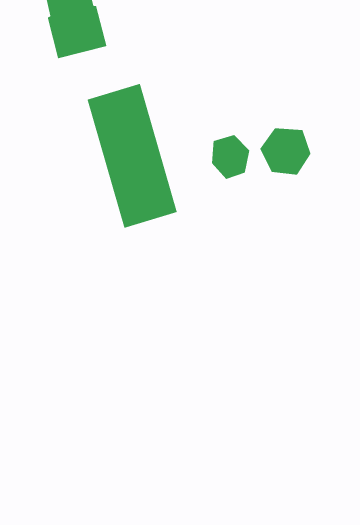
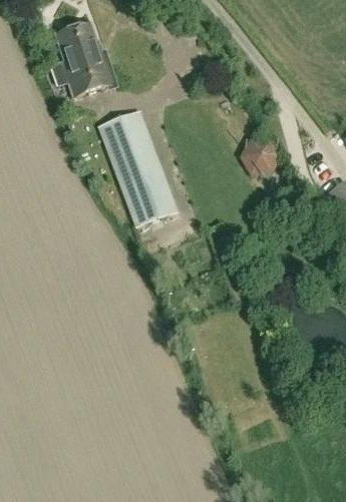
building: [211,134,250,180] -> none

